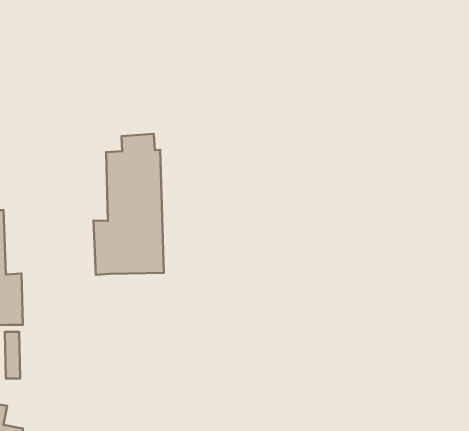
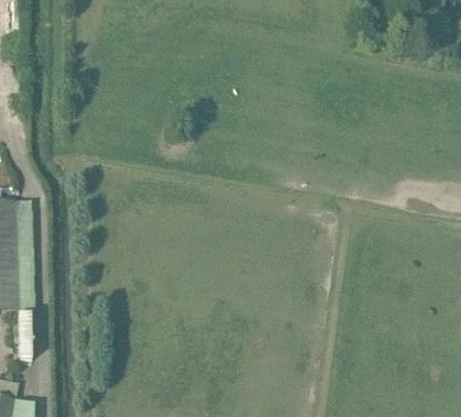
building: [94,134,164,275] -> none

